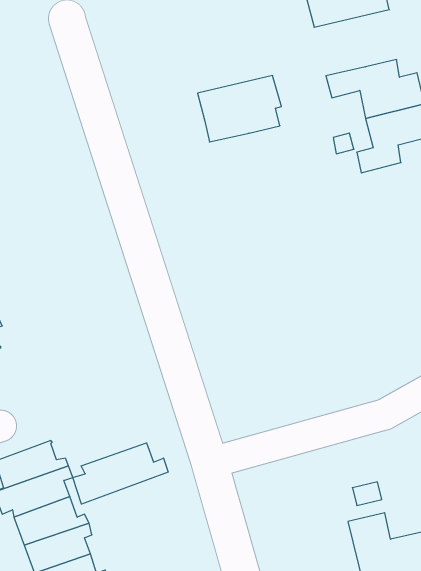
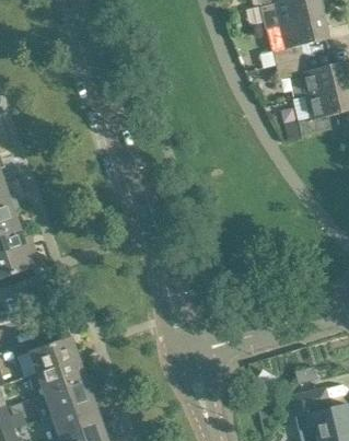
building: [198,76,281,142] -> [267,15,329,65]
building: [73,443,168,504] -> none

